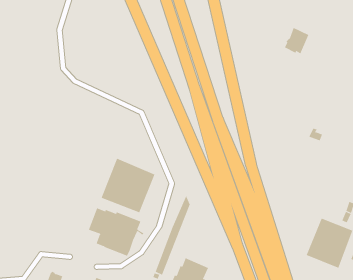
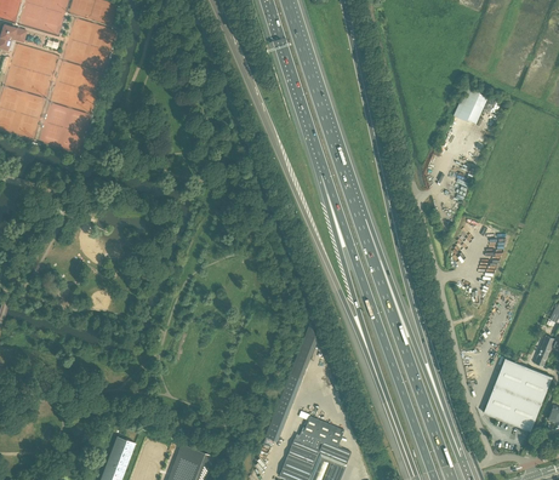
building: [101,158,155,213] -> none
building: [88,207,145,256] -> none

